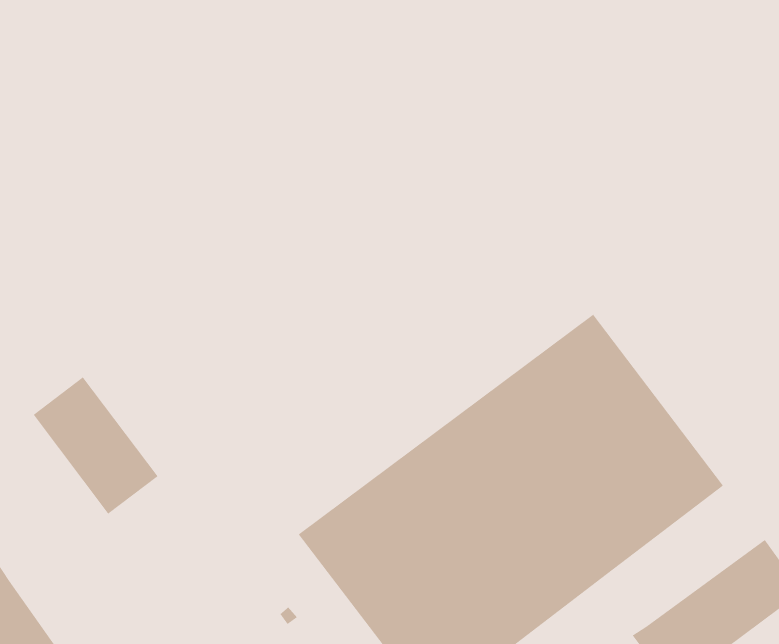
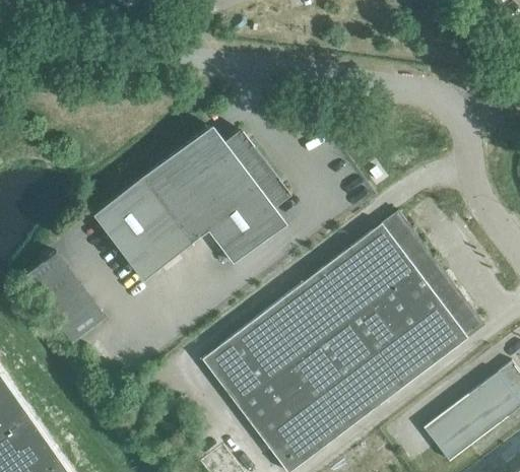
building: none -> [95,129,289,281]

